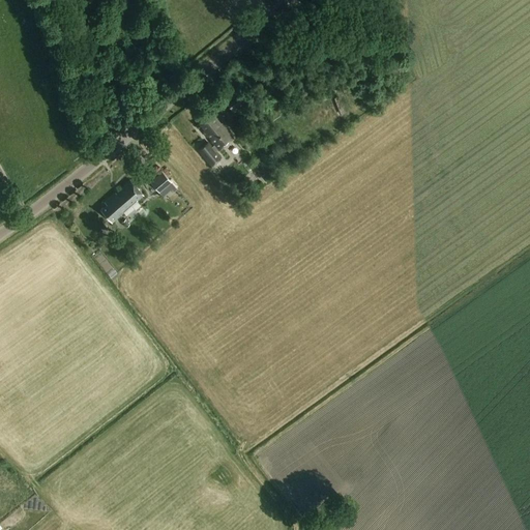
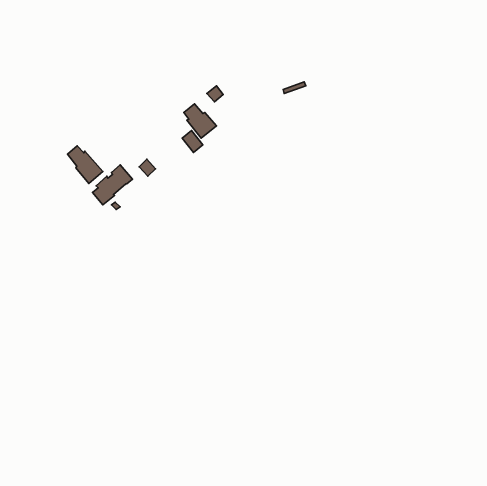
building: none -> [67,146,103,184]

